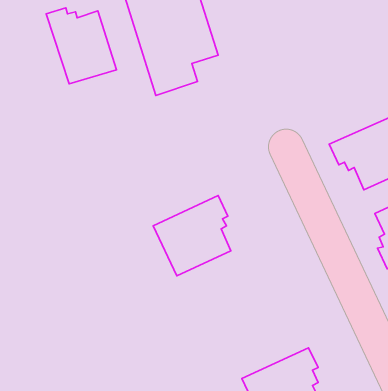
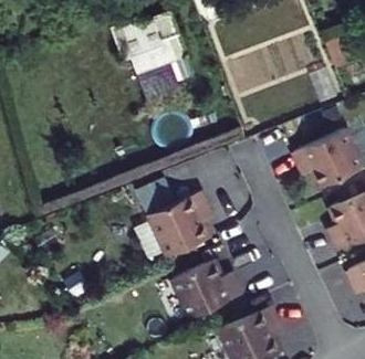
building: [46,8,117,84] -> none
building: none -> [171,258,242,318]

